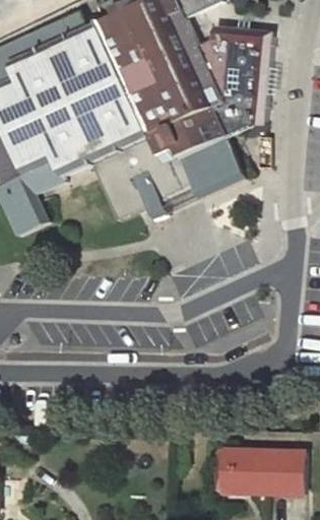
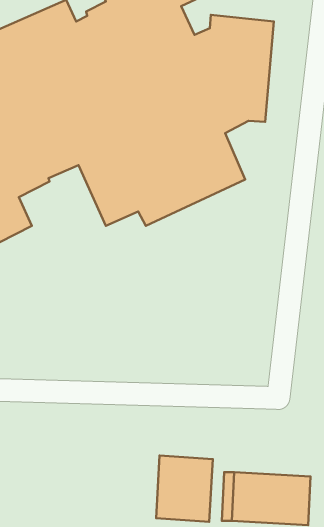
building: none -> [156,455,213,522]

